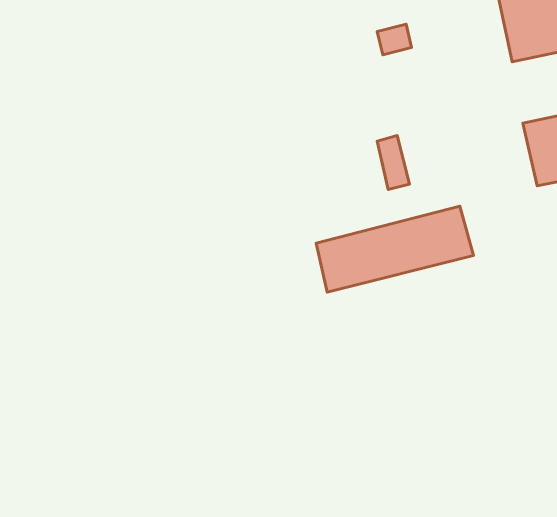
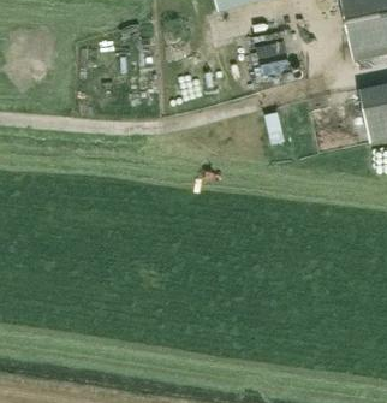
building: [316,206,474,292] -> none

